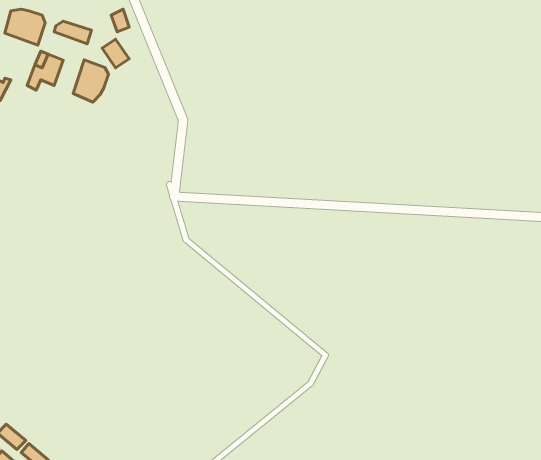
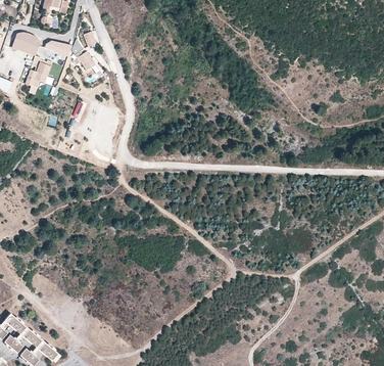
building: [73,60,109,102] -> none

